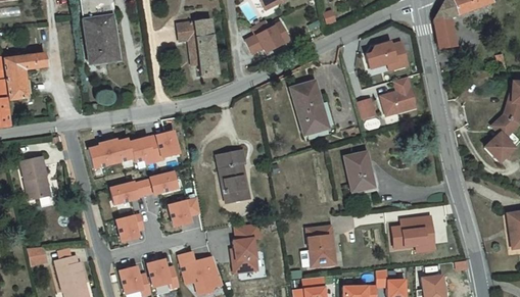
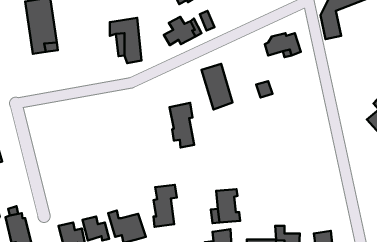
building: [379,76,415,114] -> none
building: [88,131,180,168] -> none
building: [219,148,248,201] -> [169,103,194,147]
building: [347,156,374,191] -> none
building: [109,172,177,204] -> none
building: [168,197,199,227] -> none
building: [115,212,144,241] -> none
building: [392,217,434,248] -> none

